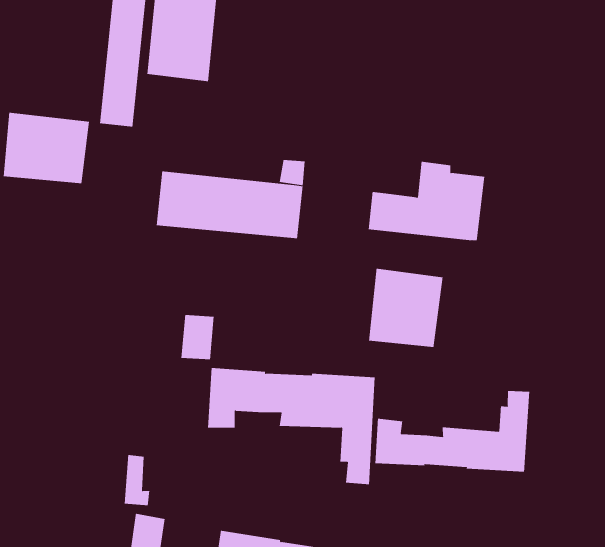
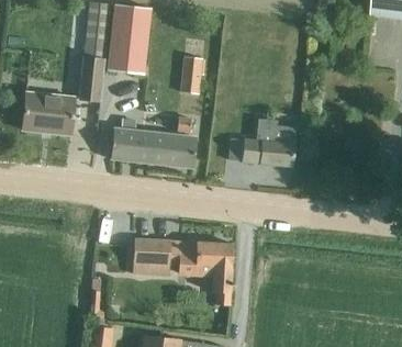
building: none -> [181,57,203,94]
building: [369,268,443,348] -> none
building: [375,390,530,473] -> none

